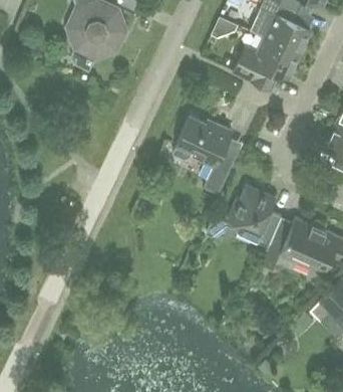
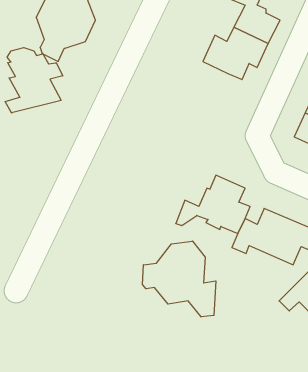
building: none -> [5,48,63,113]
building: [174,117,237,194] -> none
building: none -> [143,241,216,317]

